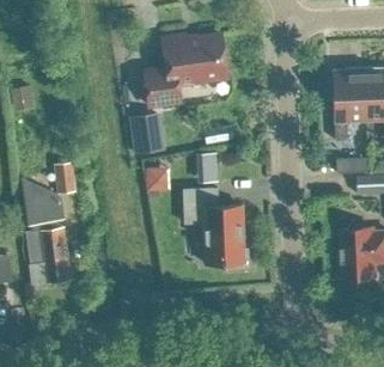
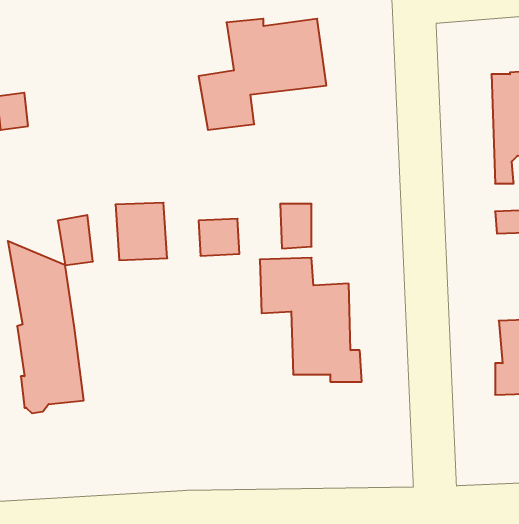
building: [132,110,165,147] -> [115,203,167,260]

